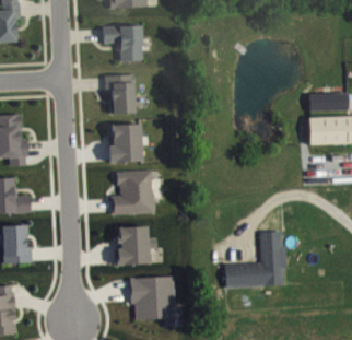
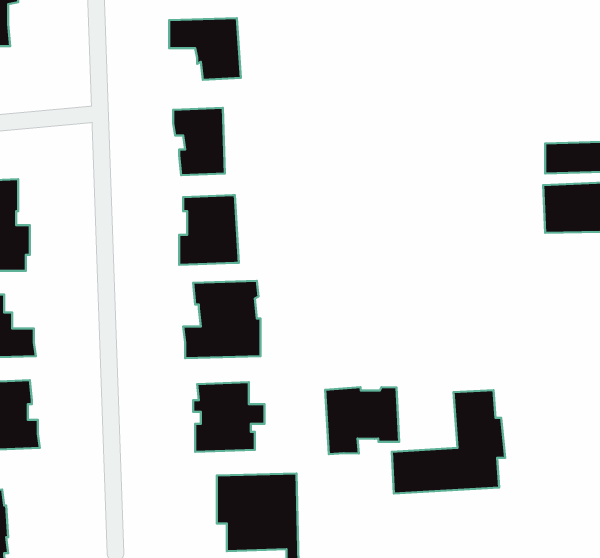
building: none -> [325,387,399,454]

